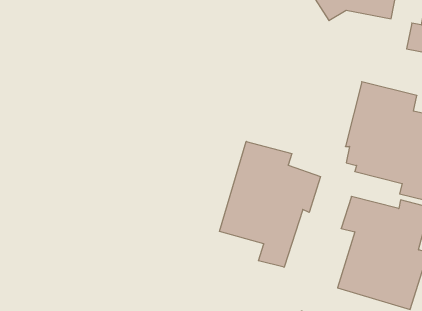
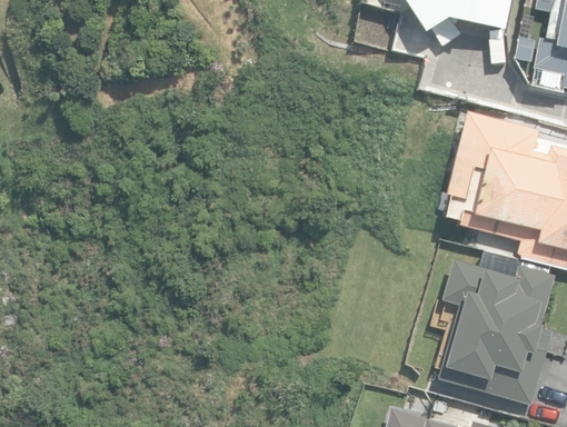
building: [219,141,321,267] -> none

